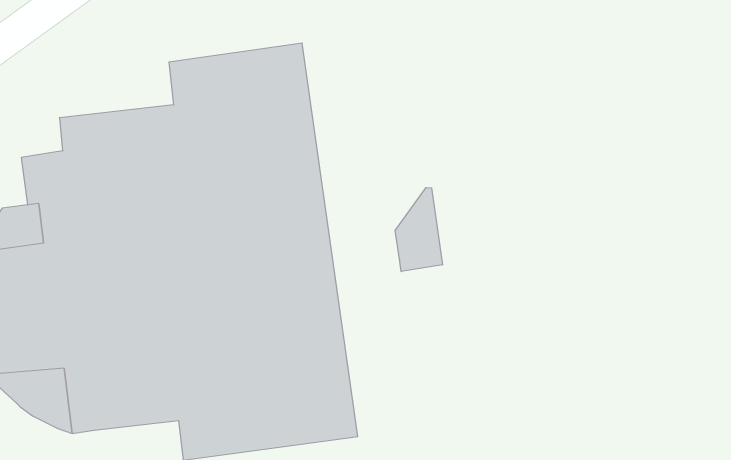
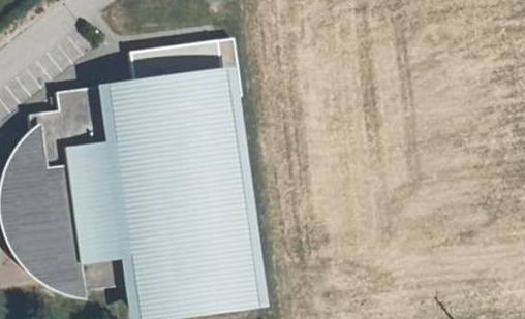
building: [395,188,442,272] -> none

